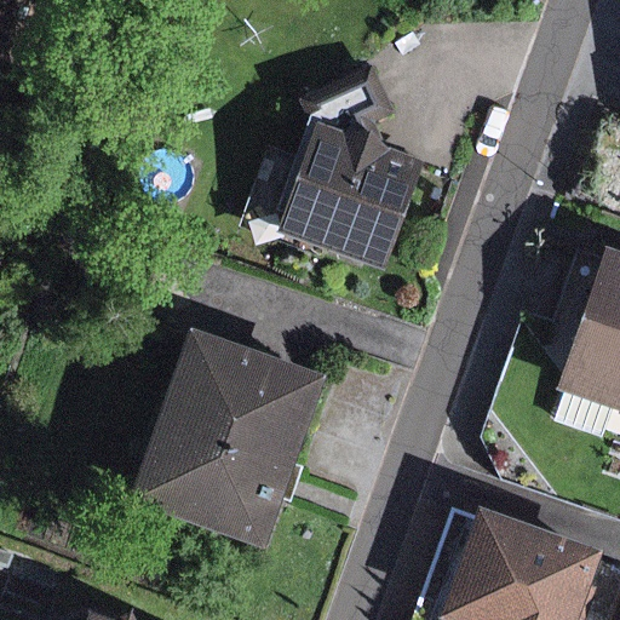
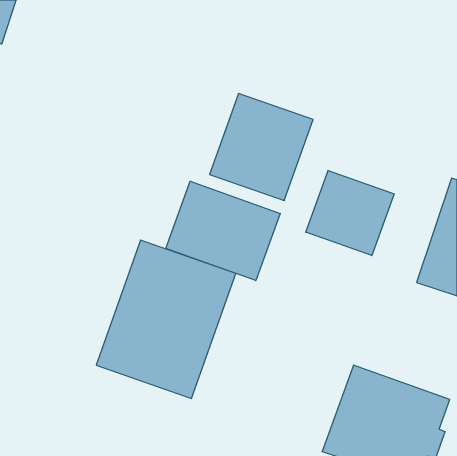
building: none -> [306,170,394,256]
building: none -> [166,181,280,281]

